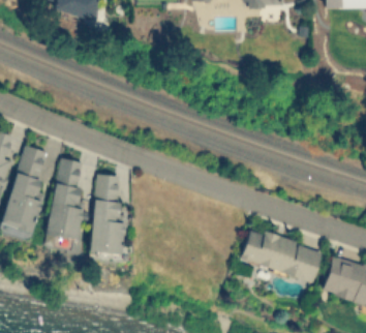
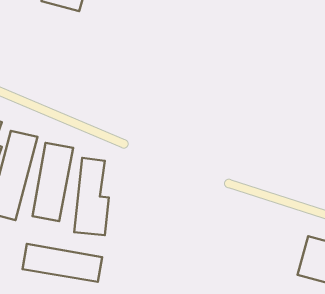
building: [240,229,323,282] -> none
building: none -> [22,244,102,282]

